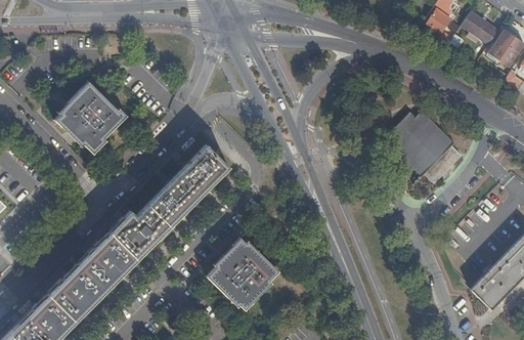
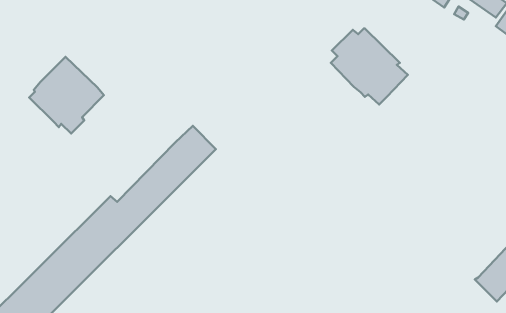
building: [390,112,462,182] -> [331,29,408,104]
building: [206,238,277,309] -> none

